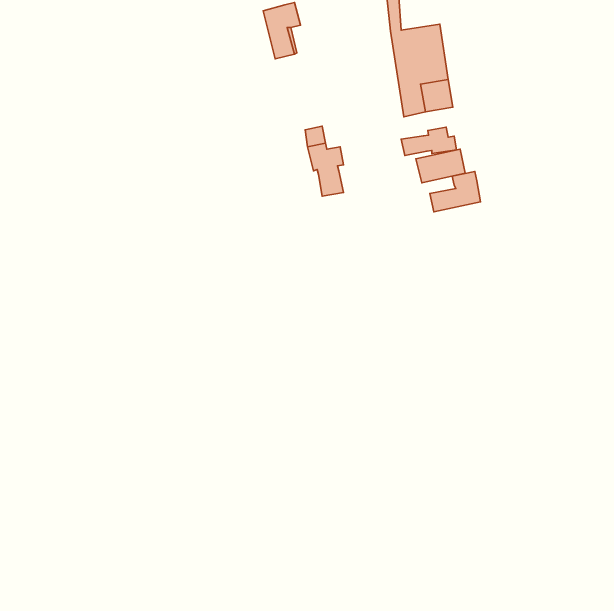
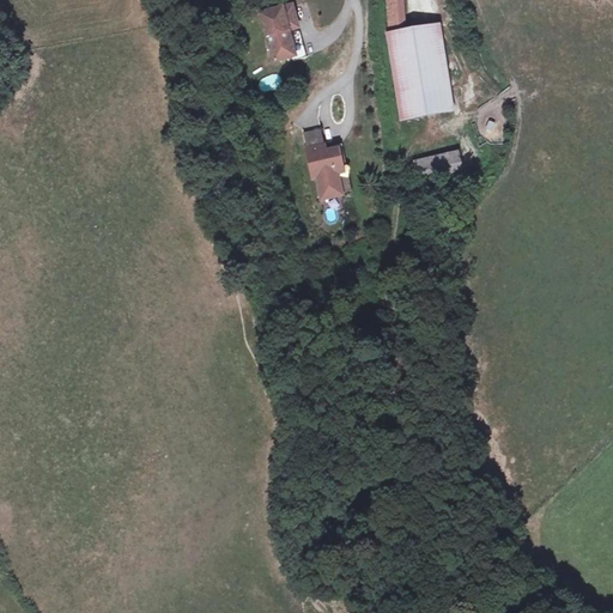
building: [401,127,457,155] -> none
building: [430,171,481,212] -> none

